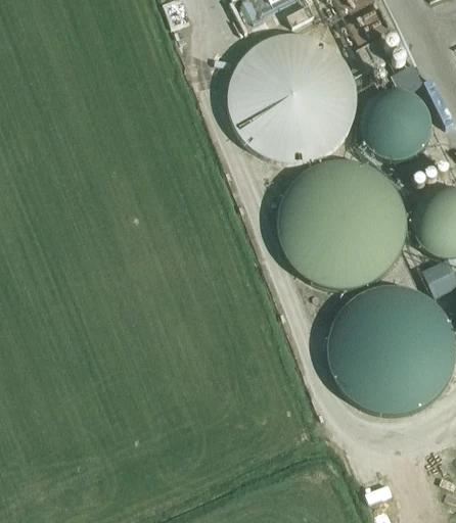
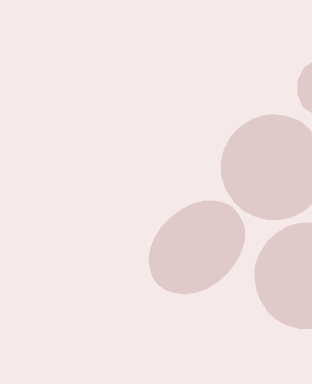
building: [229,35,357,162] -> none
building: none -> [148,200,246,295]

